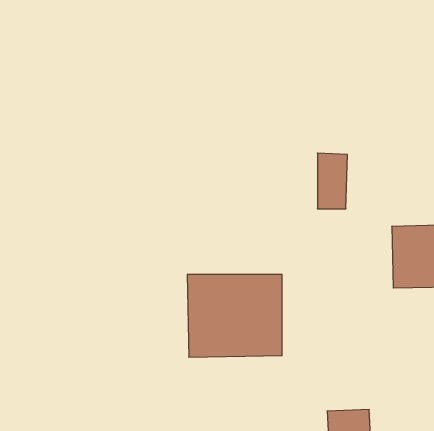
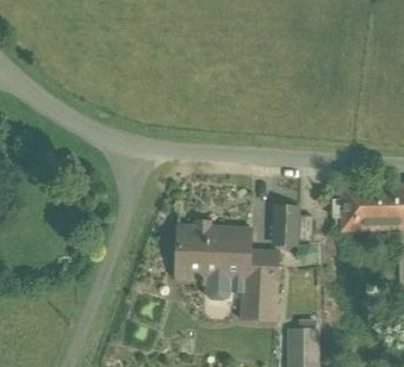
building: [317,153,347,209] -> [273,201,297,245]
building: none -> [250,270,276,323]

